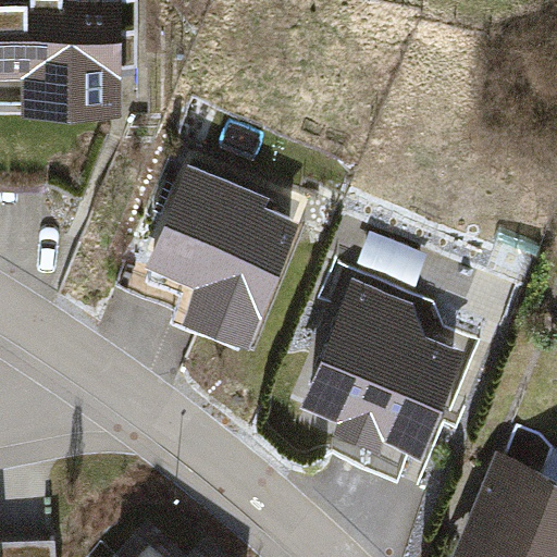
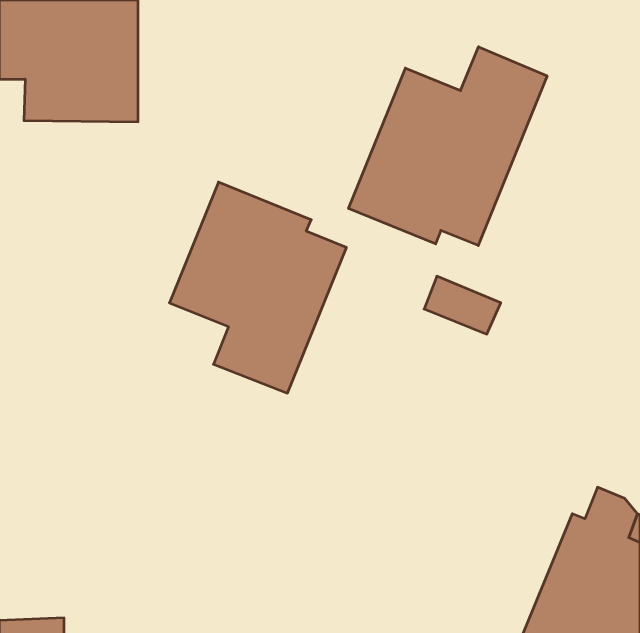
building: none -> [349,47,547,246]
building: [305,281,463,454] -> none

